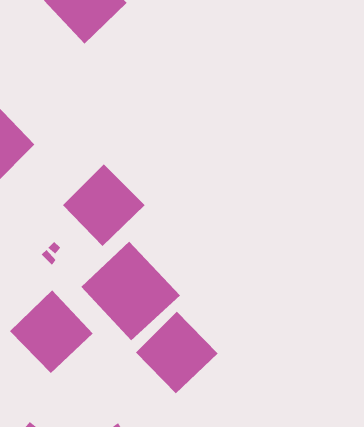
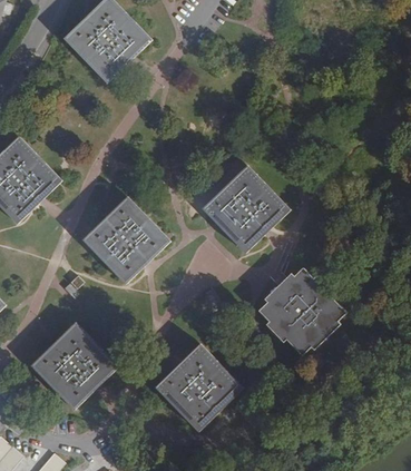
building: none -> [205,167,286,249]
building: none -> [260,268,348,356]
building: [81,241,181,341] -> none

